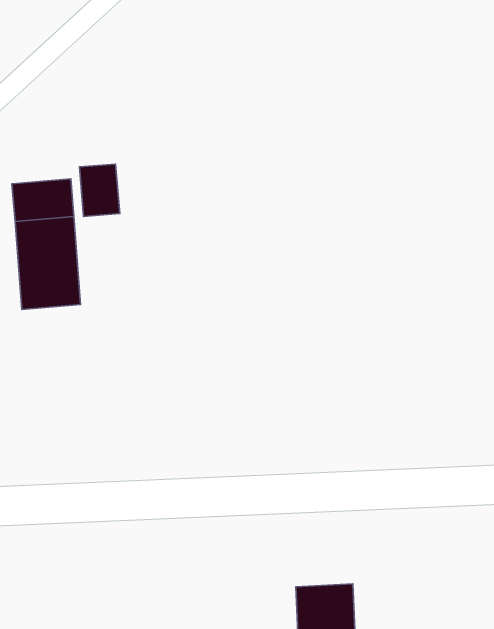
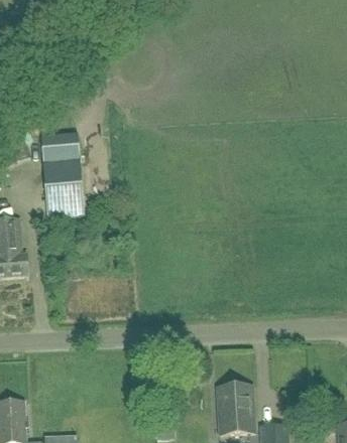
building: [79,164,120,216] -> none

